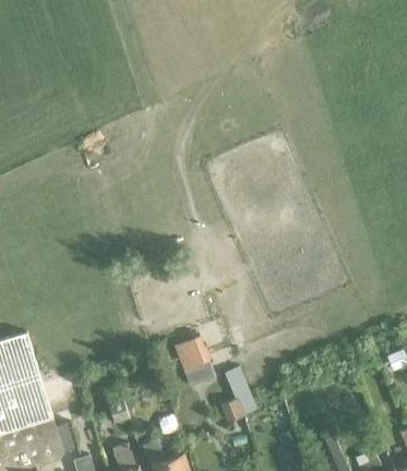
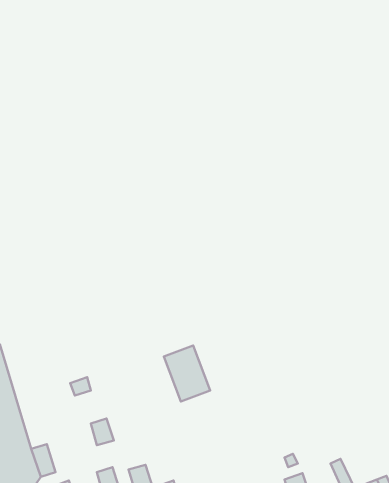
building: [222,366,258,422] -> none

